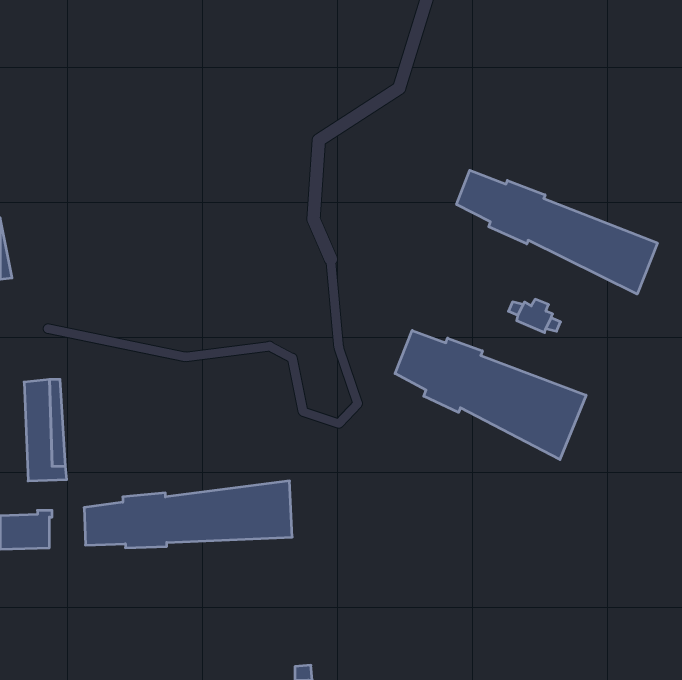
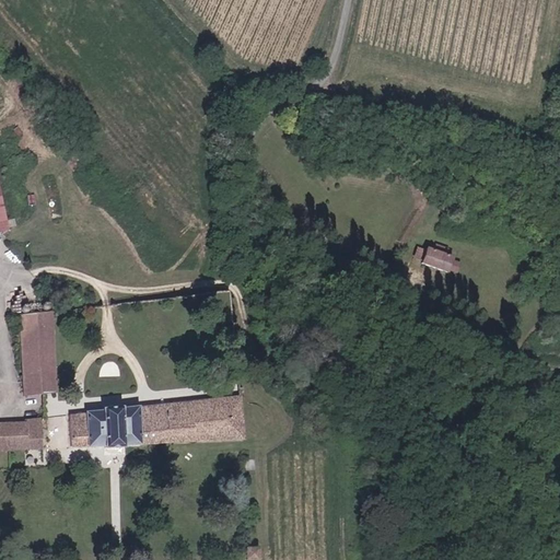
building: [457,170,657,294] -> none
building: [395,330,586,460] -> none

